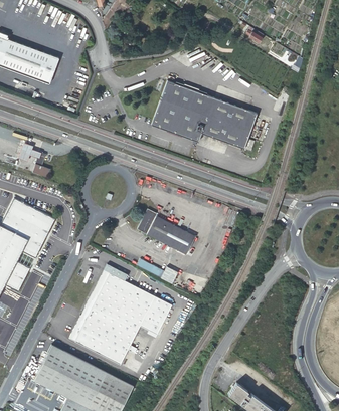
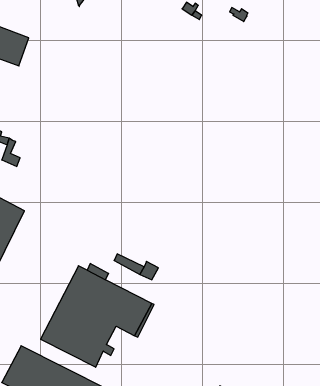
building: [151,80,257,150] -> none
building: [138,208,195,254] -> none

